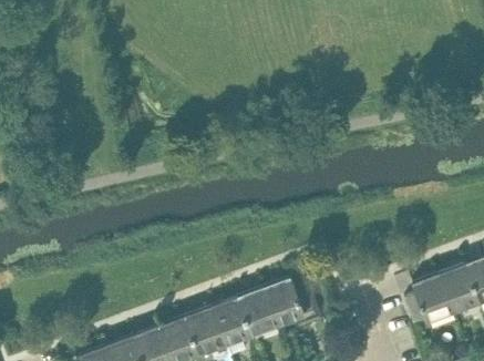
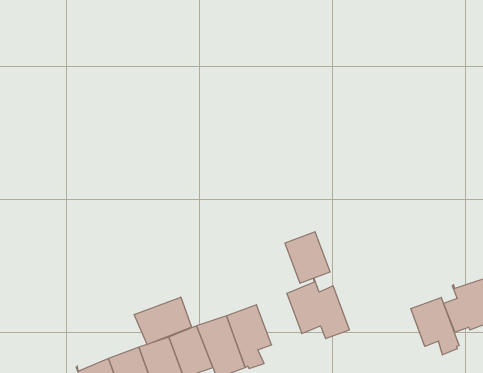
building: [237,289,277,334] -> [285,232,330,283]
building: none -> [134,297,191,345]
building: none -> [411,297,459,355]

